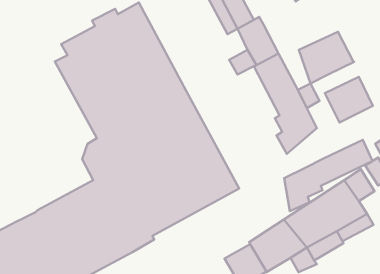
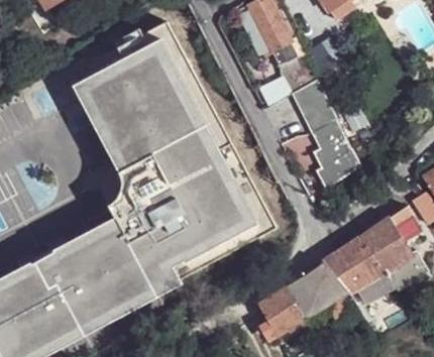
building: [299,32,354,84] -> none
building: [325,77,373,123] -> none
building: [284,140,373,211] -> none

